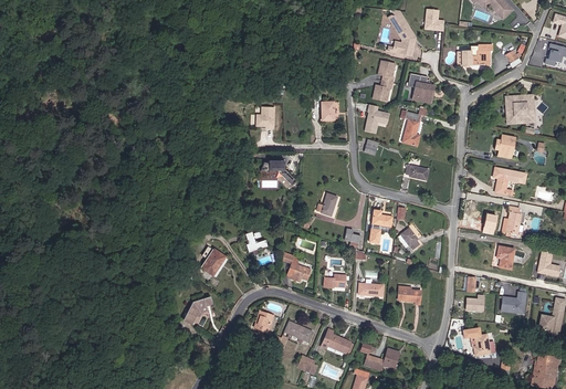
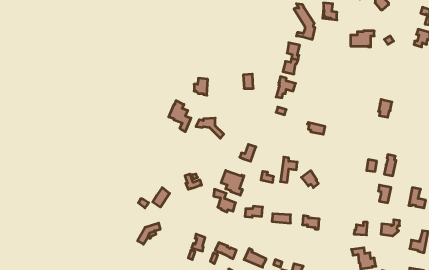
building: [407,74,434,104] -> none
building: [505,95,534,124] -> none
building: [400,111,420,146] -> none
building: none -> [169,101,191,132]
building: [493,168,525,196] -> none
building: none -> [221,170,244,195]

